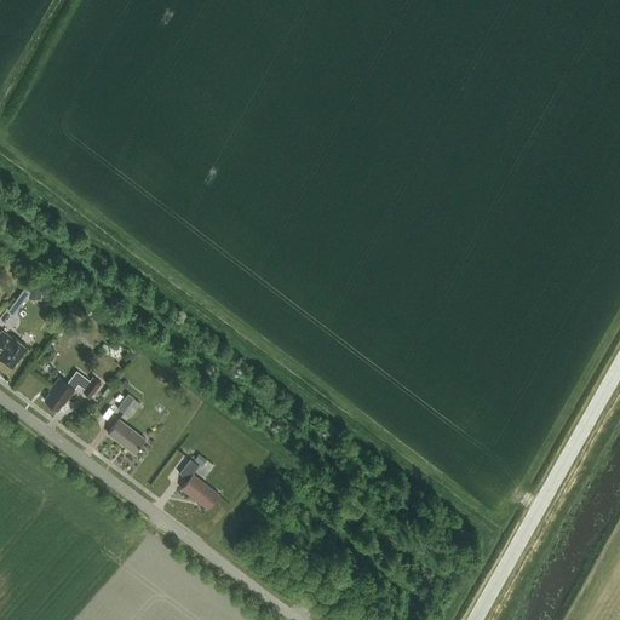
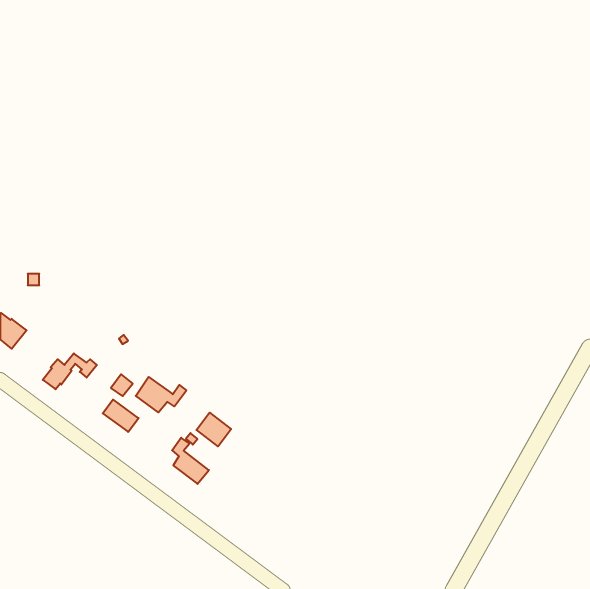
building: none -> [136,377,186,412]
building: none -> [196,413,231,446]

